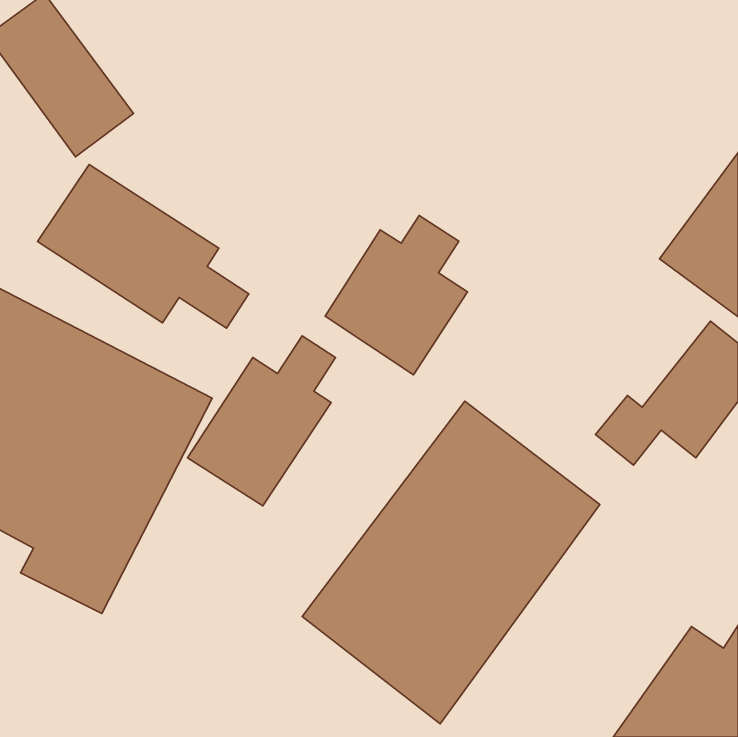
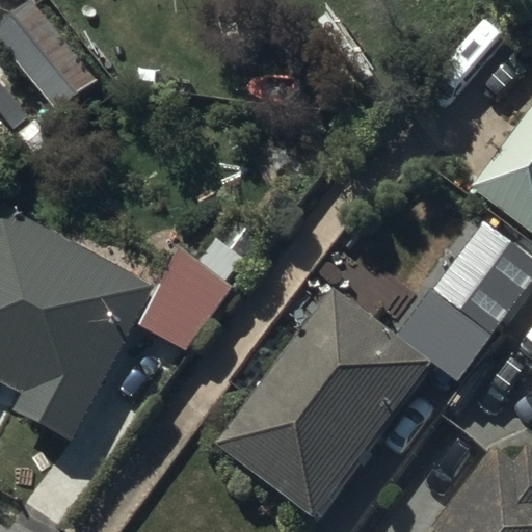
building: [38,165,249,328] -> none
building: [325,216,467,375] -> none

